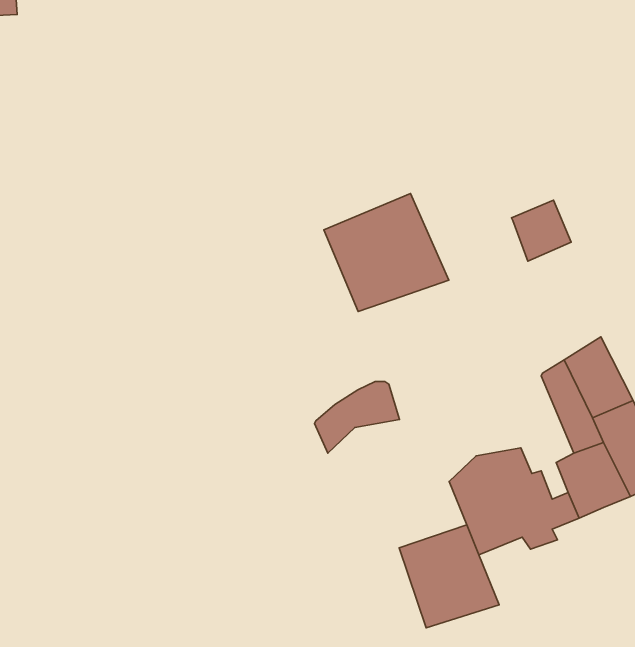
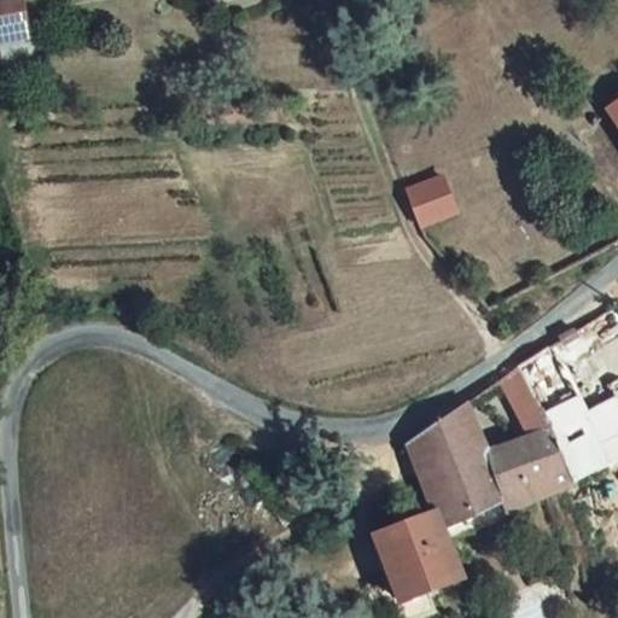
building: [324,193,449,311] -> none
building: [511,200,571,261] -> [410,175,464,229]
building: [314,382,400,453] -> [404,404,480,468]

